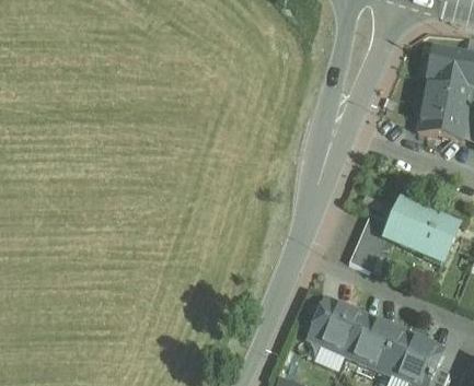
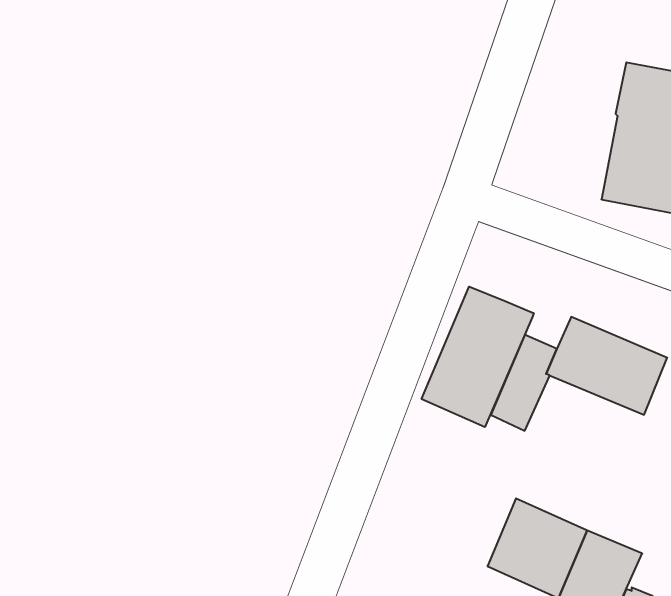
building: none -> [422,287,534,427]
building: [308,297,365,355] -> none

